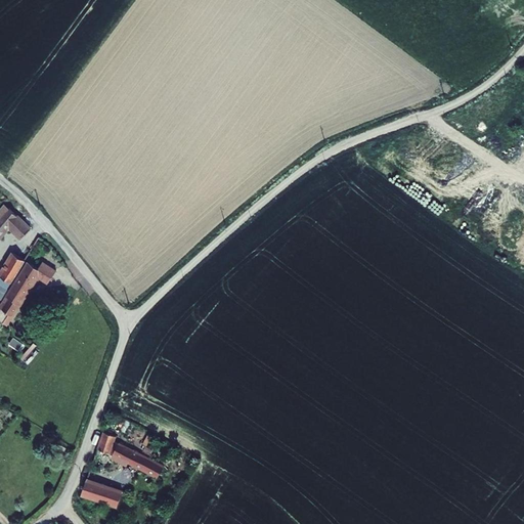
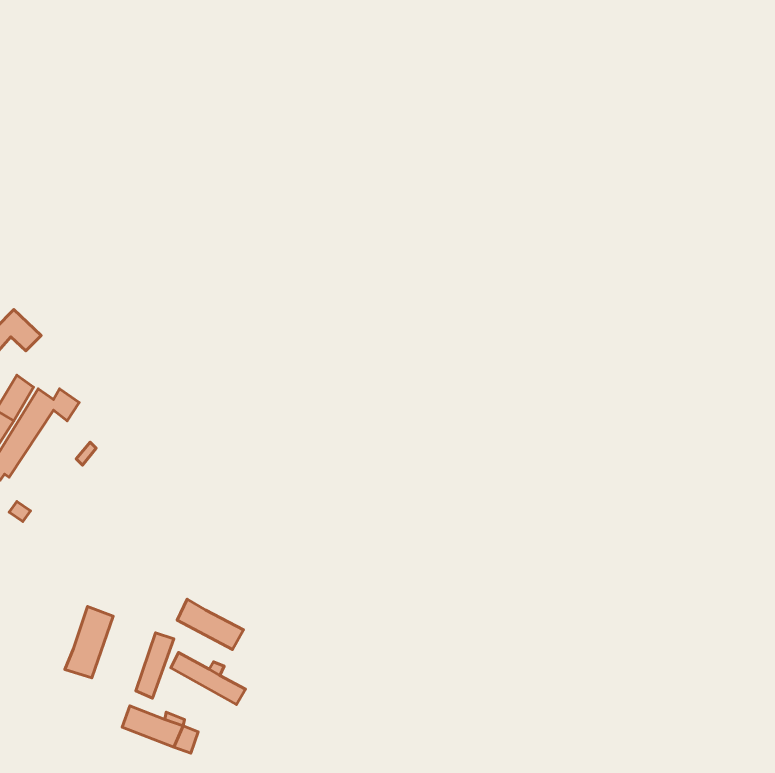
building: none -> [177,599,243,649]
building: none -> [65,606,113,678]

